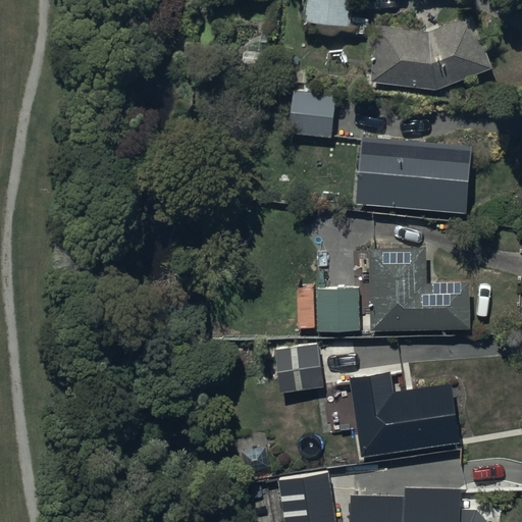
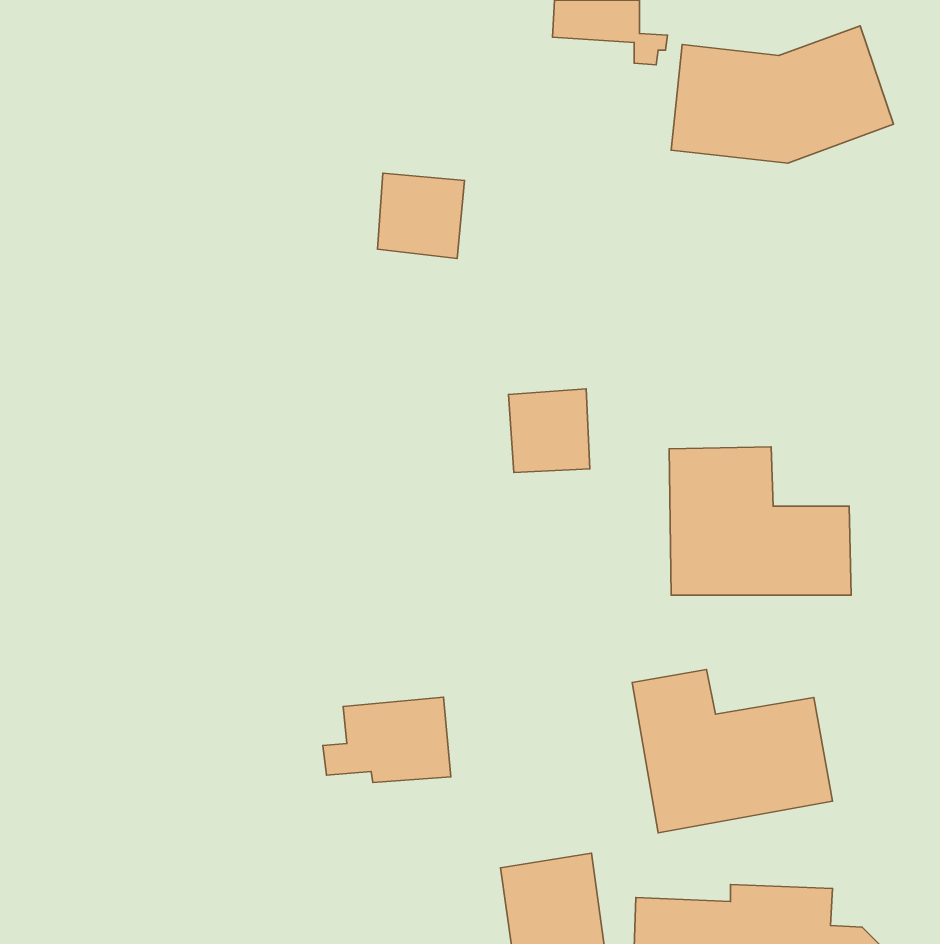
building: [288,91,335,138] -> [377,173,464,258]
building: [355,136,471,213] -> none
building: [313,284,358,330] -> [508,389,590,472]
building: [253,347,323,394] -> [323,697,451,783]

